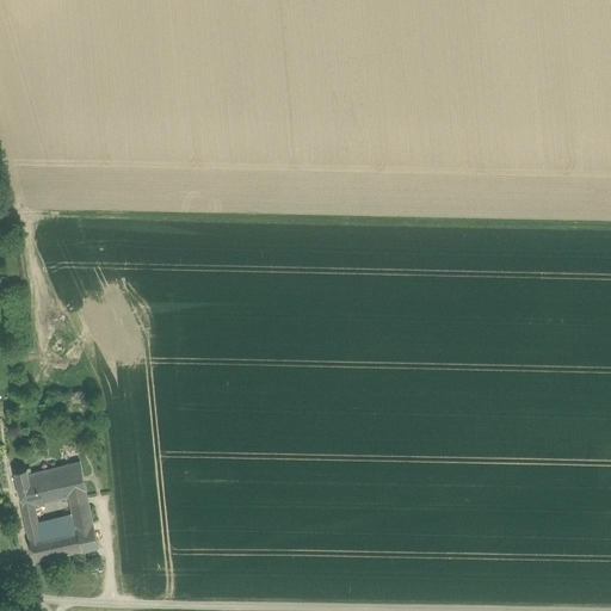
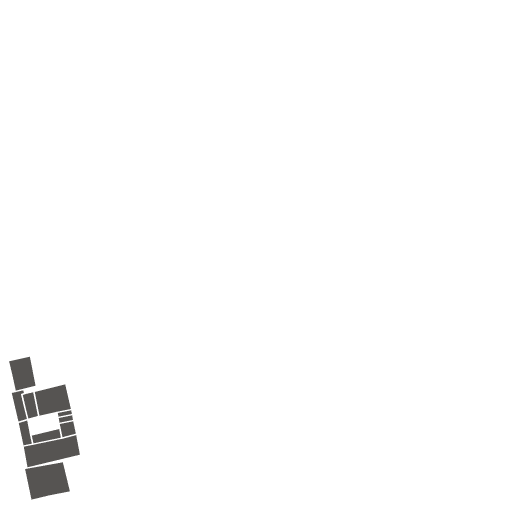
building: none -> [8,356,37,391]
building: none -> [24,461,71,501]

